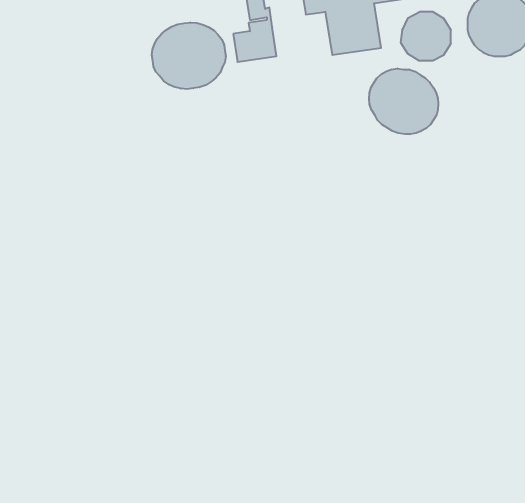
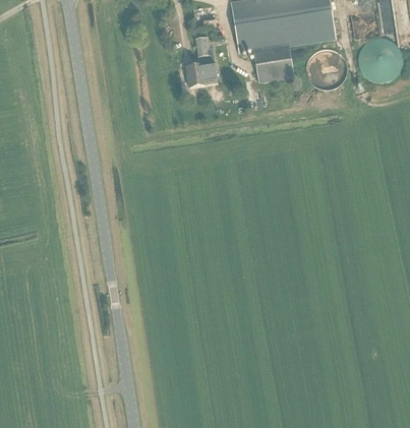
building: [152,22,226,89] -> none
building: [369,68,438,134] -> none

